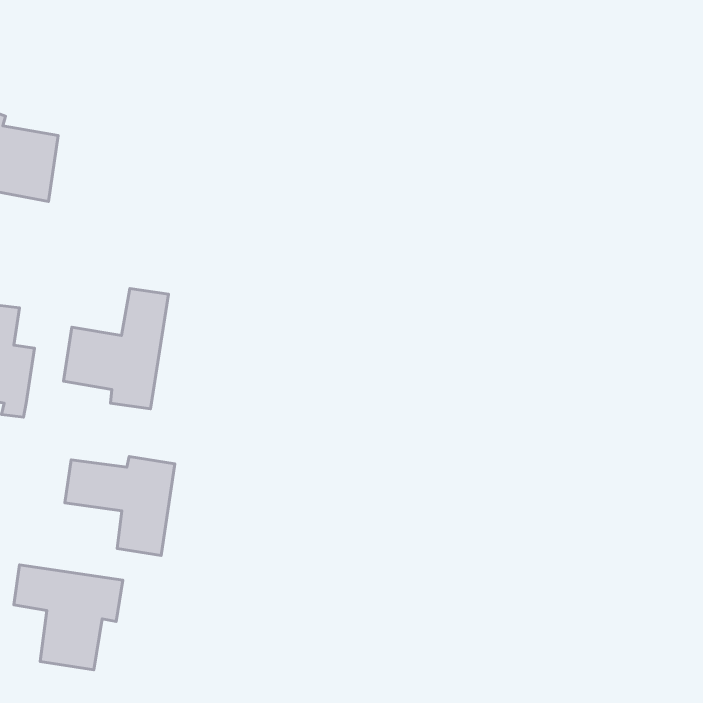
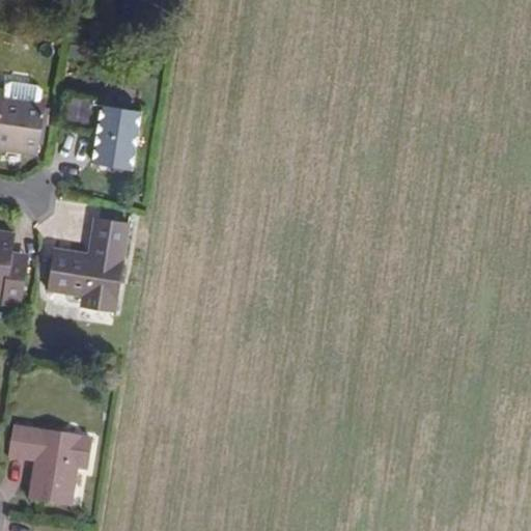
building: none -> [63,93,140,169]
building: [65,456,175,555] -> none

